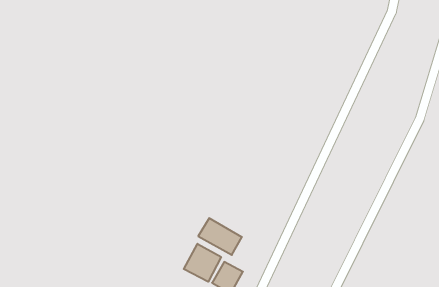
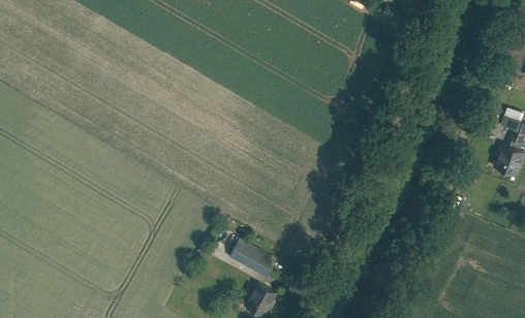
building: [184,244,221,282] -> none

